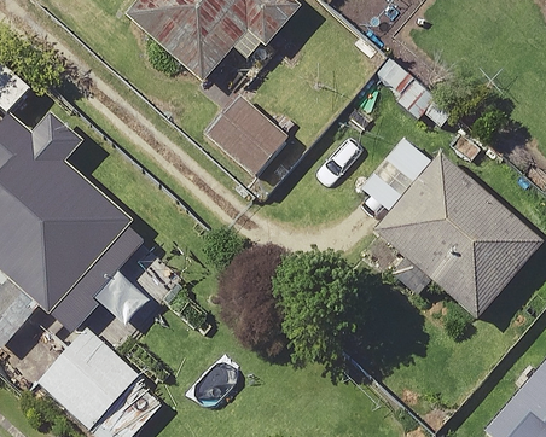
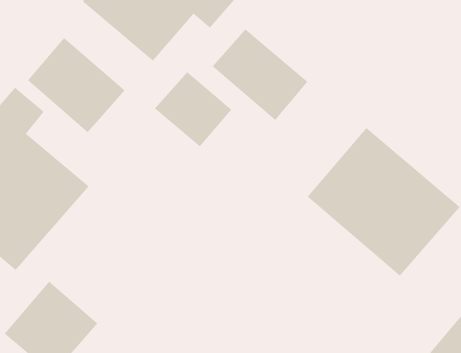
building: none -> [212,29,308,121]
building: none -> [27,37,126,133]

